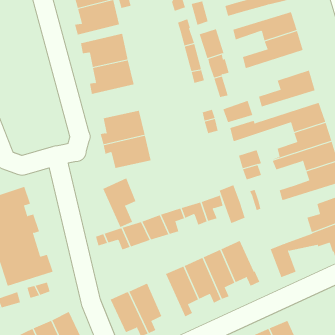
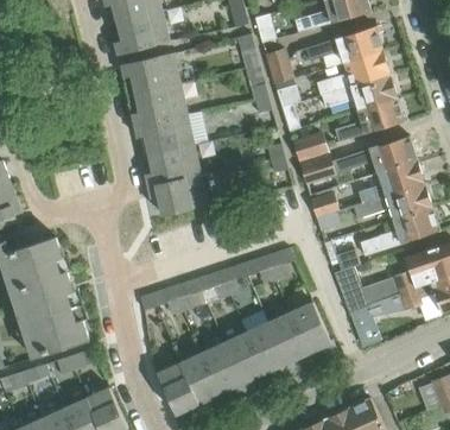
building: none -> [319,72,397,109]
building: none -> [134,114,192,154]
building: [102,177,136,228] -> none
building: [219,184,246,224] -> [335,265,367,312]
building: none -> [202,342,247,398]

